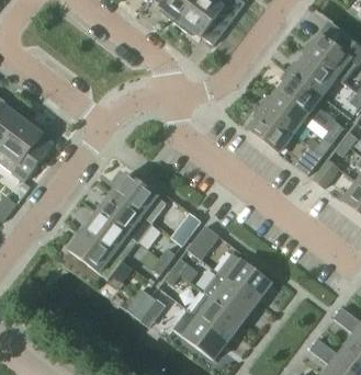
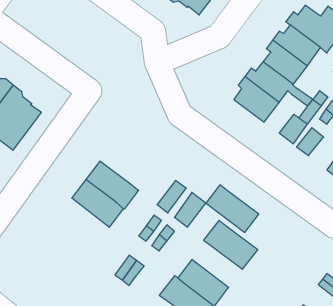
building: [112,173,166,223] -> none
building: [68,230,122,279] -> none
building: [203,273,257,321] -> [206,185,259,232]

